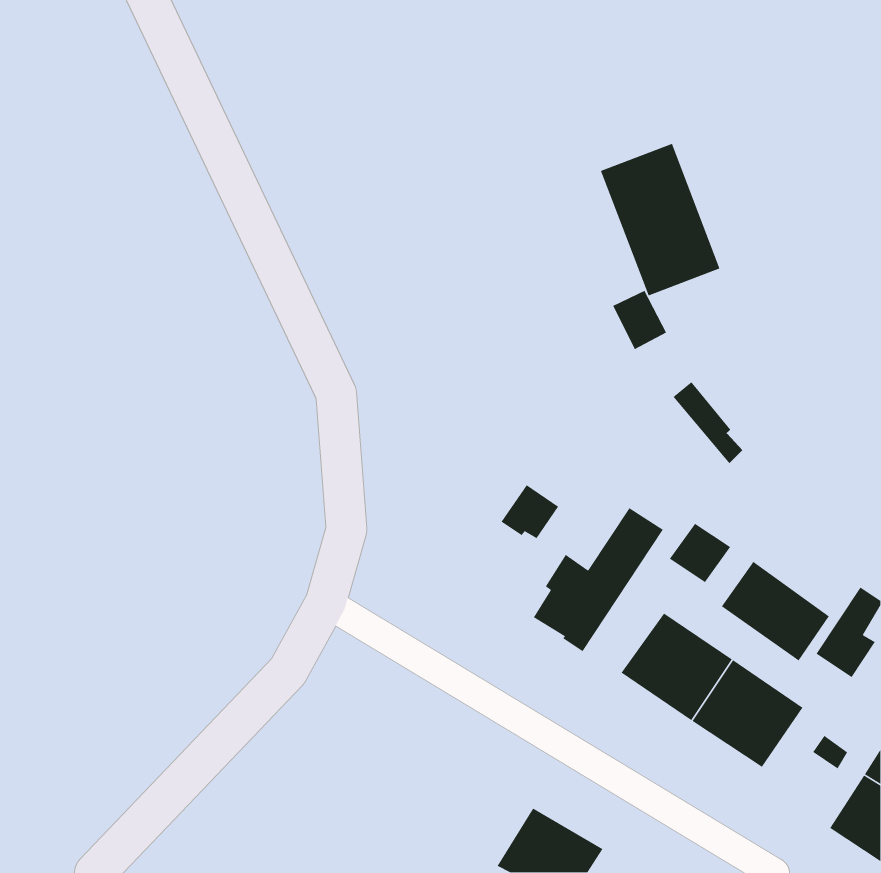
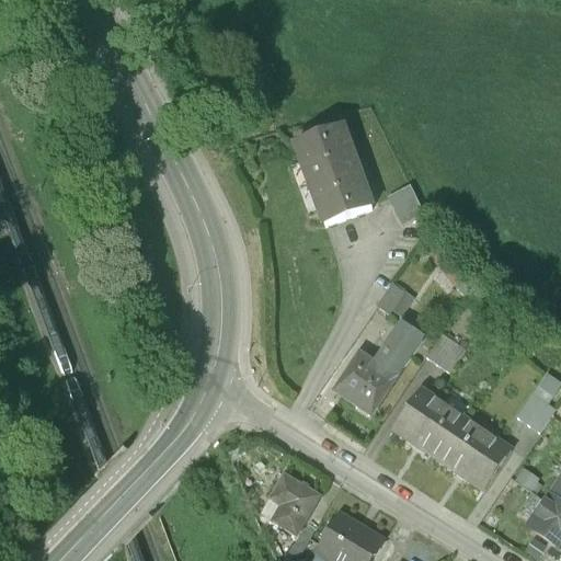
building: [600,143,721,296] -> [295,125,371,222]
building: [501,484,559,539] -> [376,279,413,314]
building: [721,561,830,661] -> none
building: none -> [270,474,319,535]

